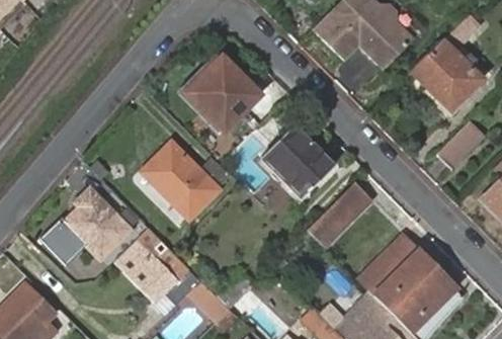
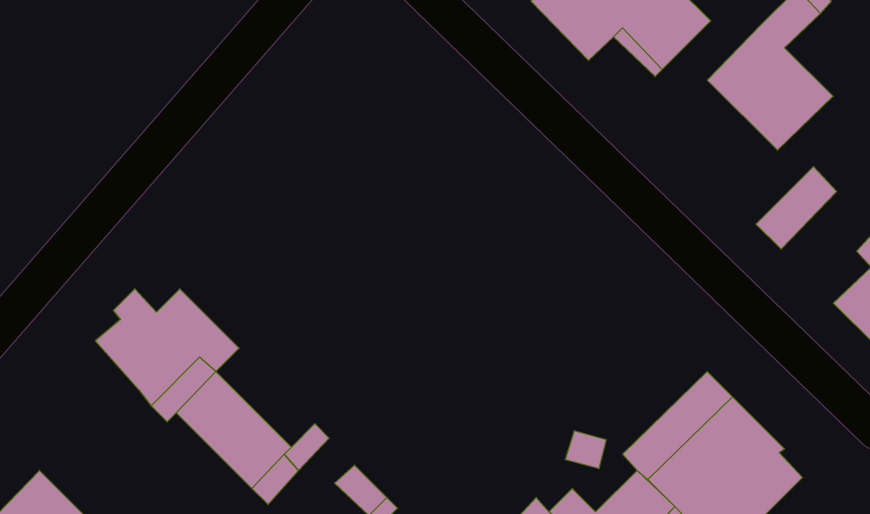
building: [188,59,259,132] -> none
building: [261,126,344,208] -> none
building: [144,143,217,217] -> none
building: [308,184,369,245] -> none
building: [45,220,89,265] -> none

